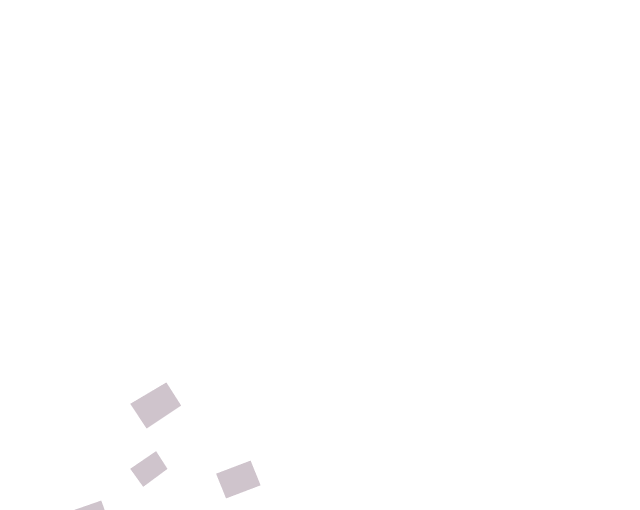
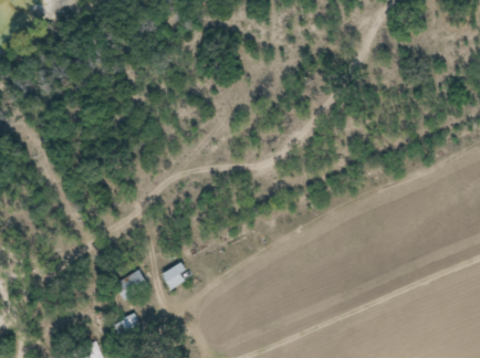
building: [215,460,262,499] -> [160,262,190,287]

